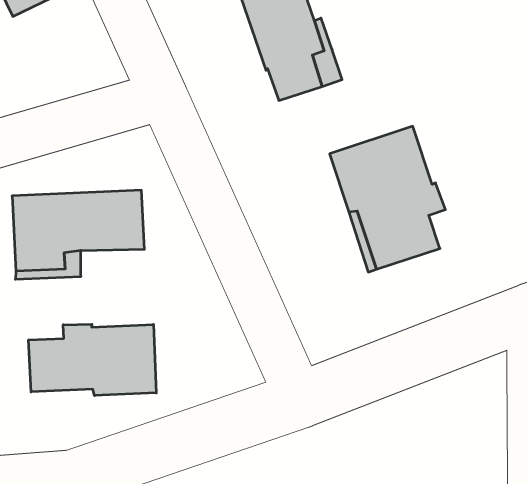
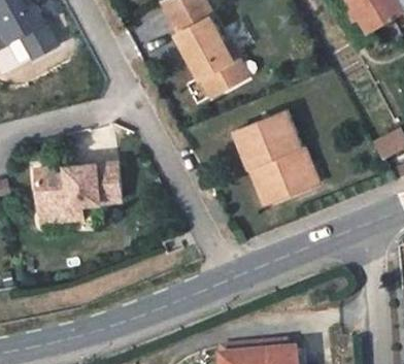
building: [29,324,156,396] -> none

